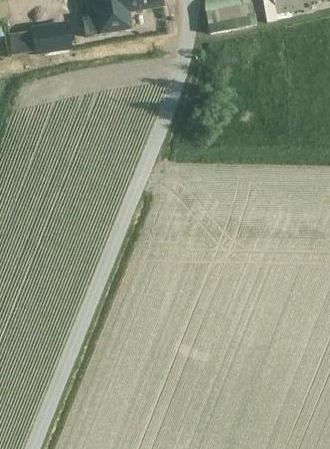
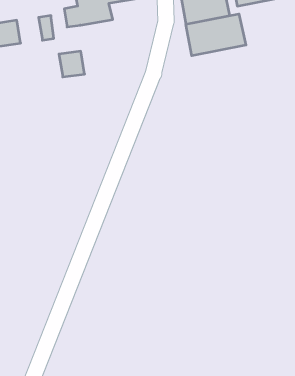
building: none -> [186,14,246,56]
building: [32,27,59,54] -> [59,51,85,77]

